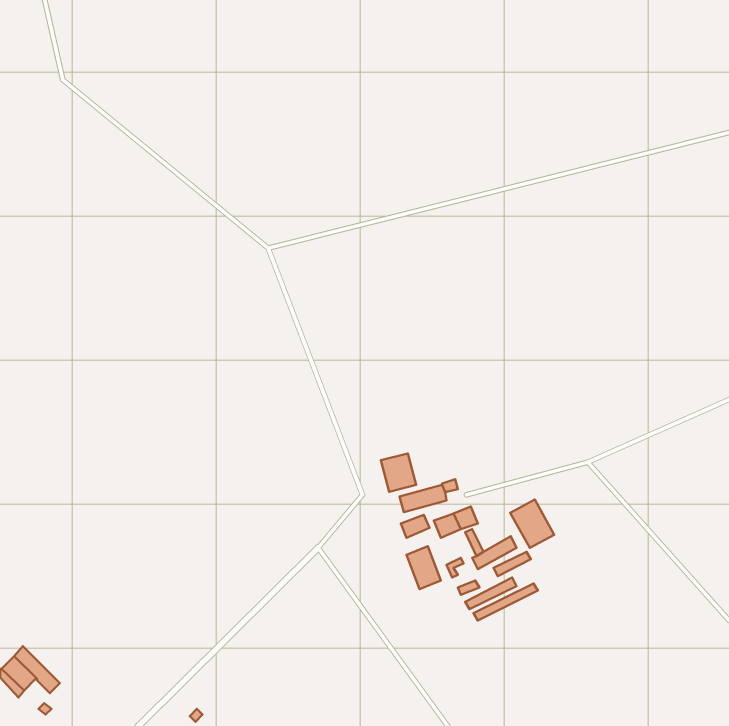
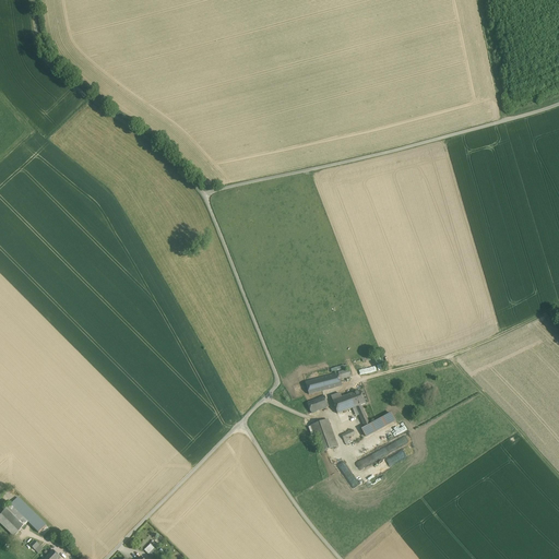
building: [381,453,416,492] -> none
building: [510,500,554,548] -> none

